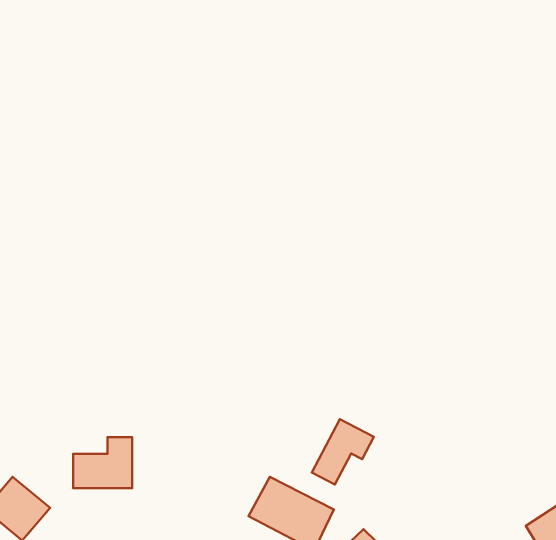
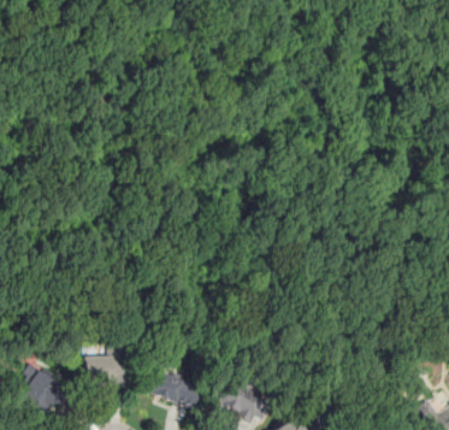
building: [312,419,374,484] -> none
building: none -> [148,370,203,410]

